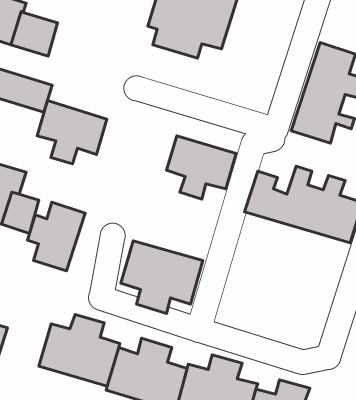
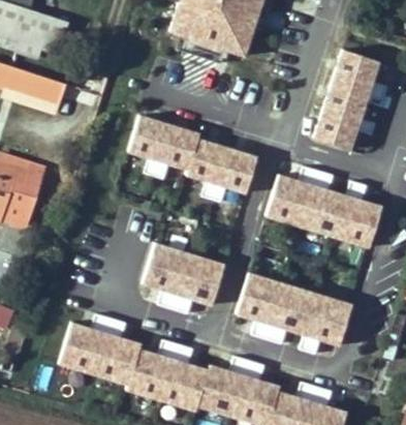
building: [37,101,107,164] -> [130,115,199,178]
building: [27,202,85,271] -> none
building: none -> [236,273,352,354]

